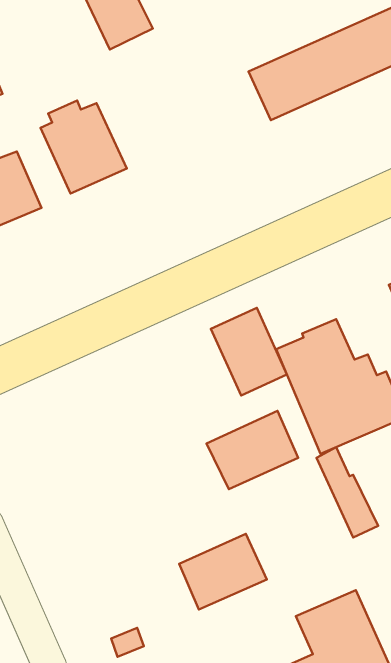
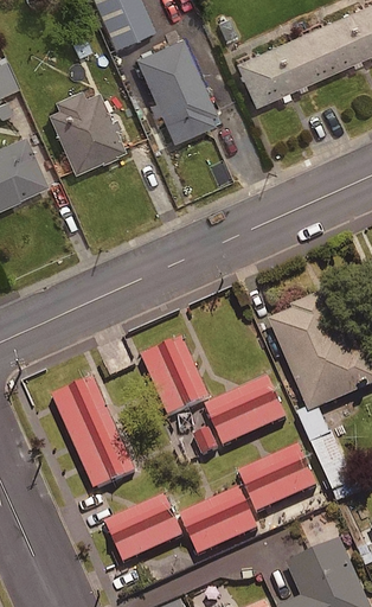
building: none -> [140,41,220,146]
building: [211,308,287,395] -> [137,334,206,414]
building: none -> [51,375,133,487]
building: none -> [237,443,315,511]
building: none -> [102,492,180,561]

